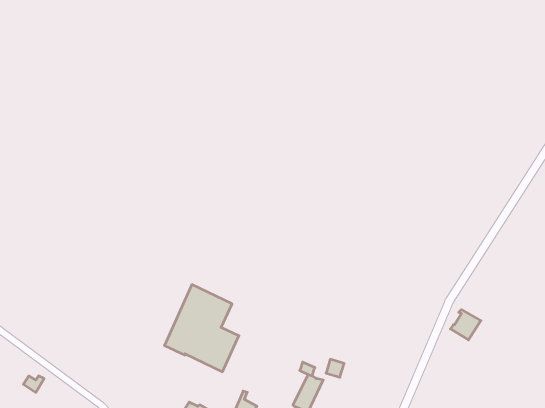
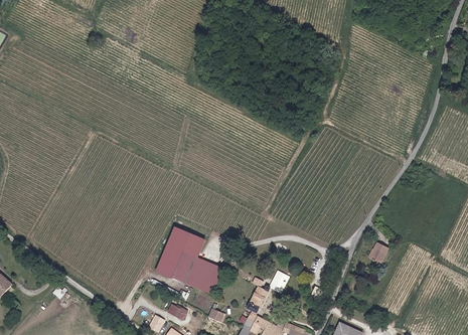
building: none -> [195,259,221,291]

